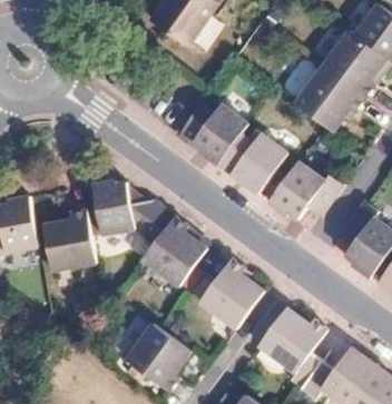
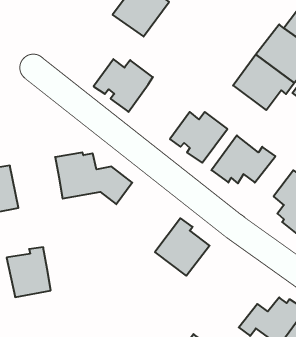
building: [177,104,247,166] -> [94,59,153,112]
building: [43,210,96,269] -> [7,247,51,297]
building: [144,217,205,284] -> none
building: [259,307,324,369] -> none
building: [129,326,192,393] -> none

